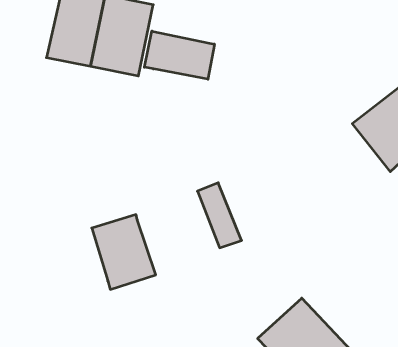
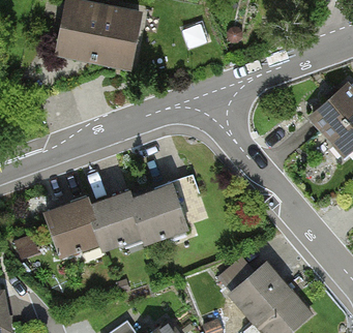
building: [144,31,214,79] -> none
building: none -> [126,180,190,249]
building: none -> [42,198,101,261]

